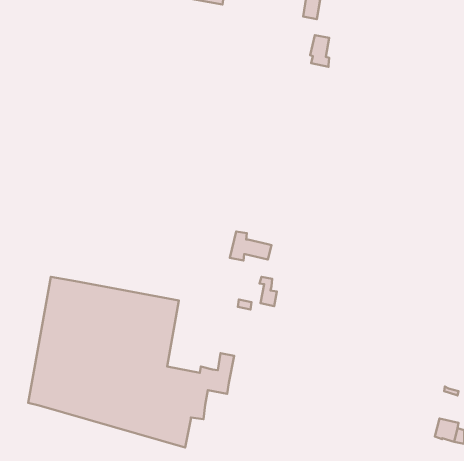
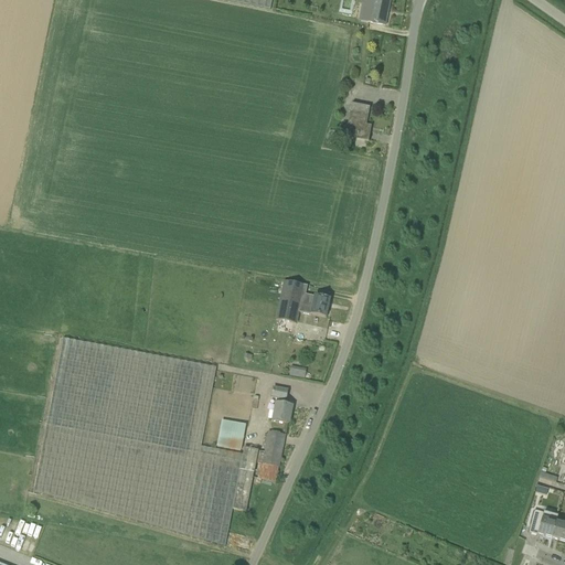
building: [310,35,329,67] -> [347,102,370,140]
building: [260,277,277,306] -> [271,386,292,422]
building: none -> [216,419,246,450]

